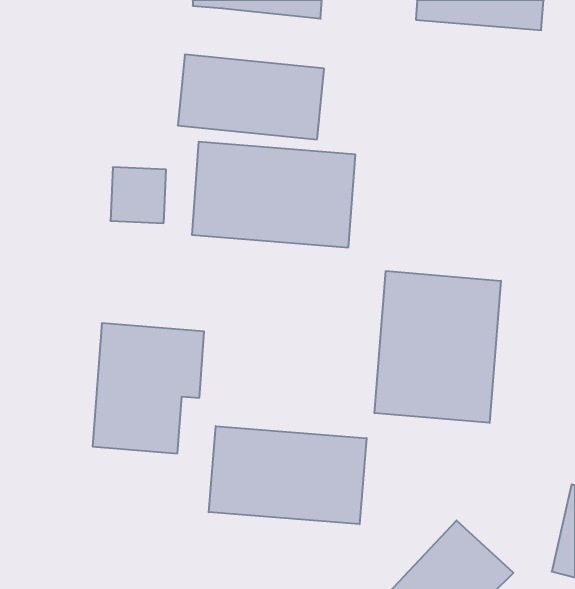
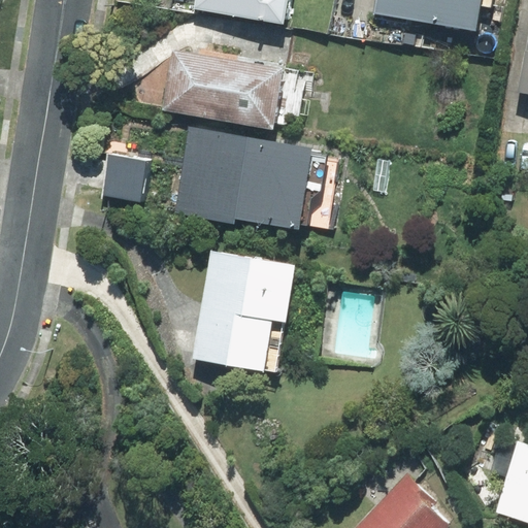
building: [375,271,501,423] -> none
building: [93,323,204,453] -> [197,246,296,362]
building: [209,426,367,524] -> none

